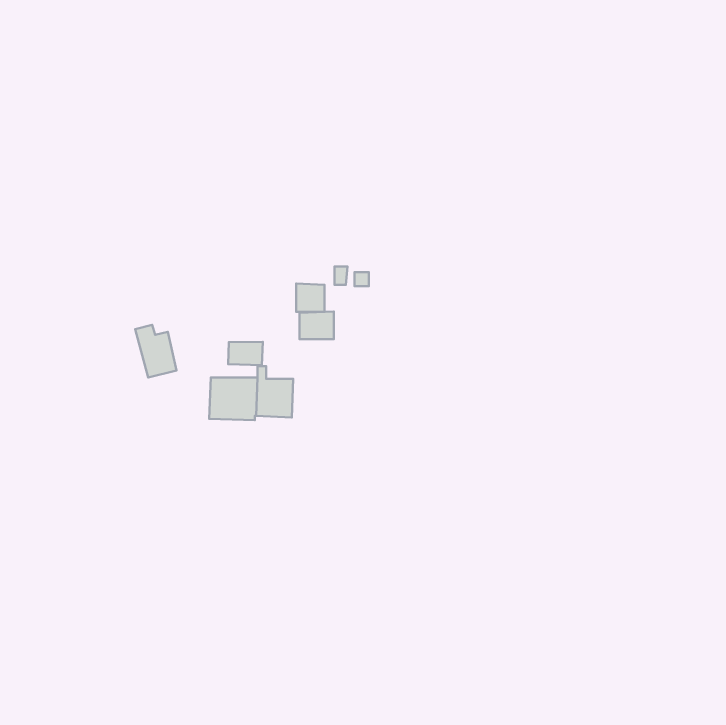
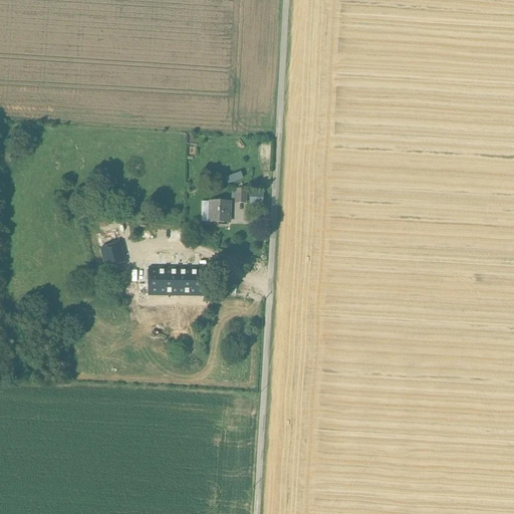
building: [299,312,334,339] -> none
building: [228,342,263,365] -> none

